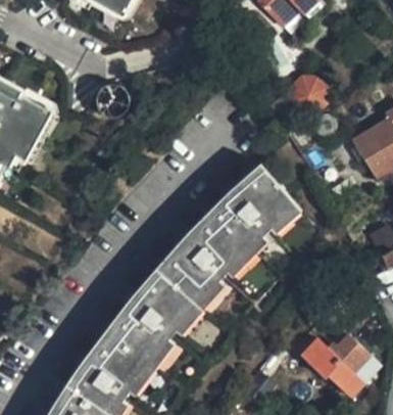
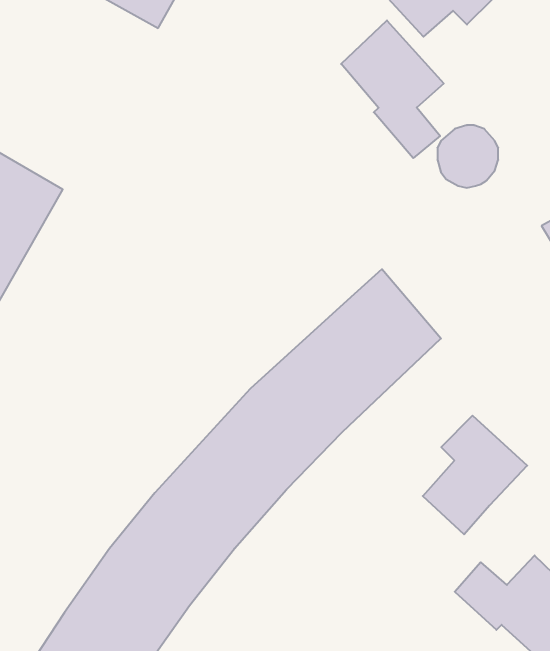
building: none -> [341,20,444,158]
building: none -> [423,416,527,534]

